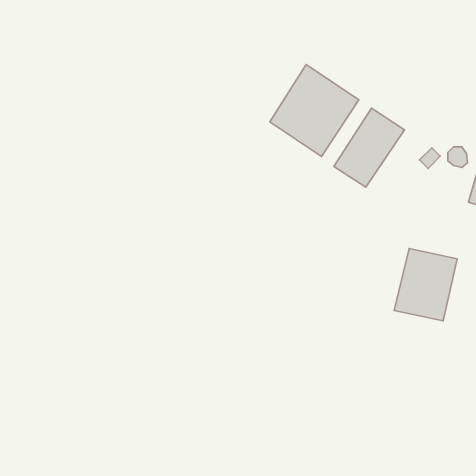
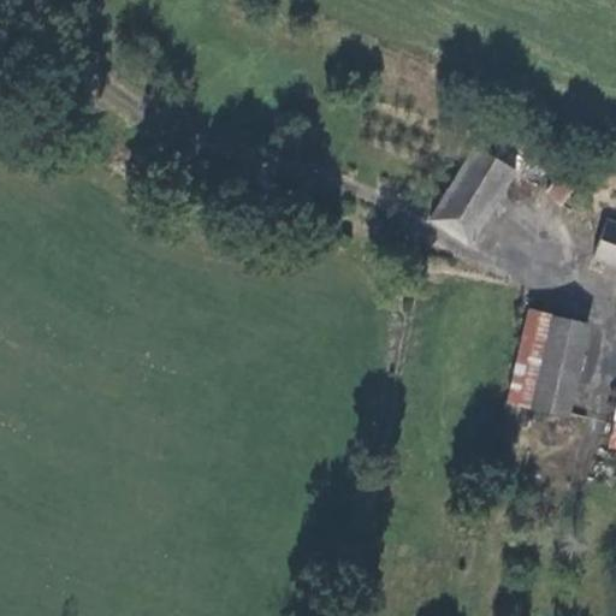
building: [270,64,359,157] -> none

